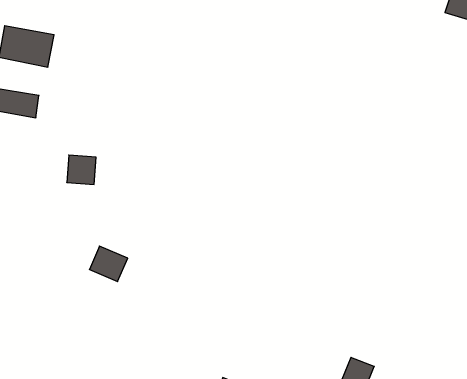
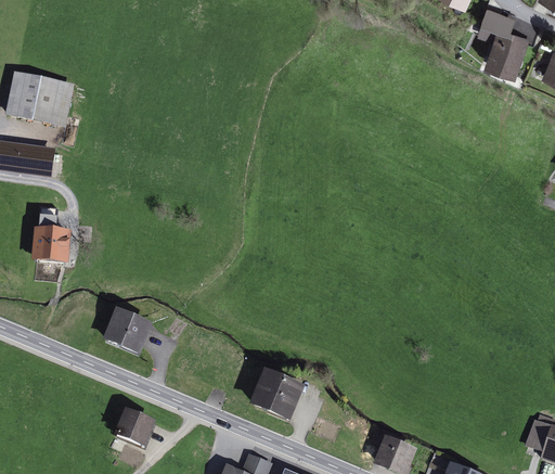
building: [67,155,96,184] -> [36,232,67,264]
building: none -> [255,369,299,412]
building: none -> [117,409,151,441]

